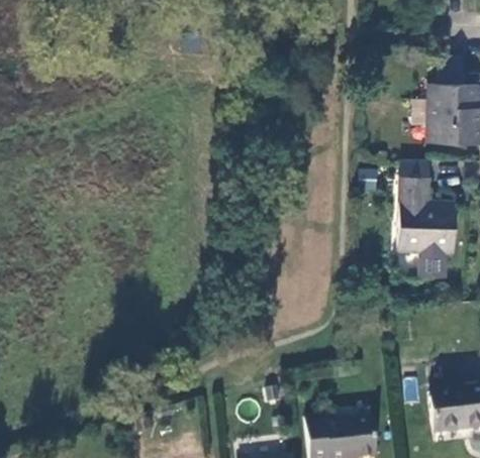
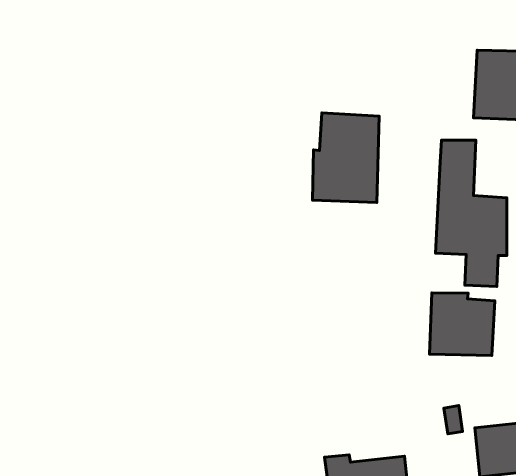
building: none -> [313,113,379,203]
building: none -> [429,293,495,355]

